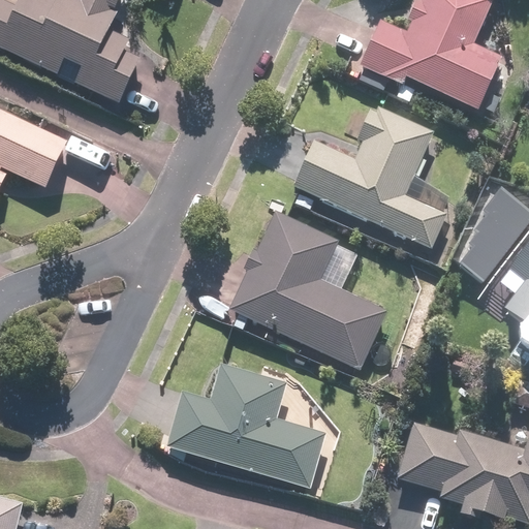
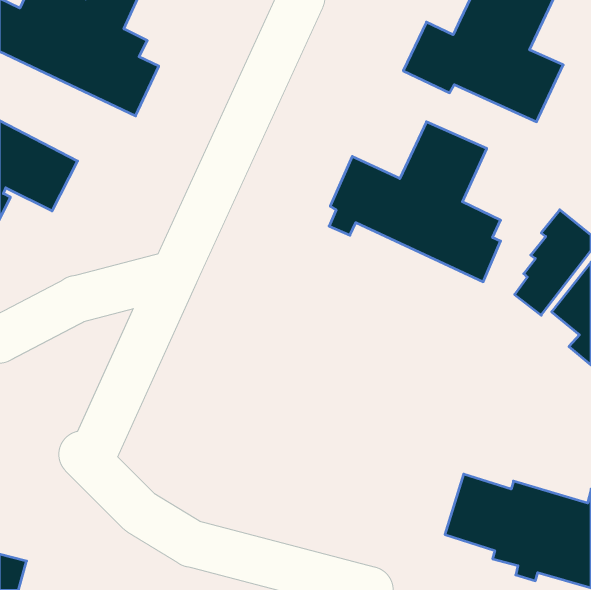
building: [228,213,388,371] -> none
building: [168,364,325,487] -> none

